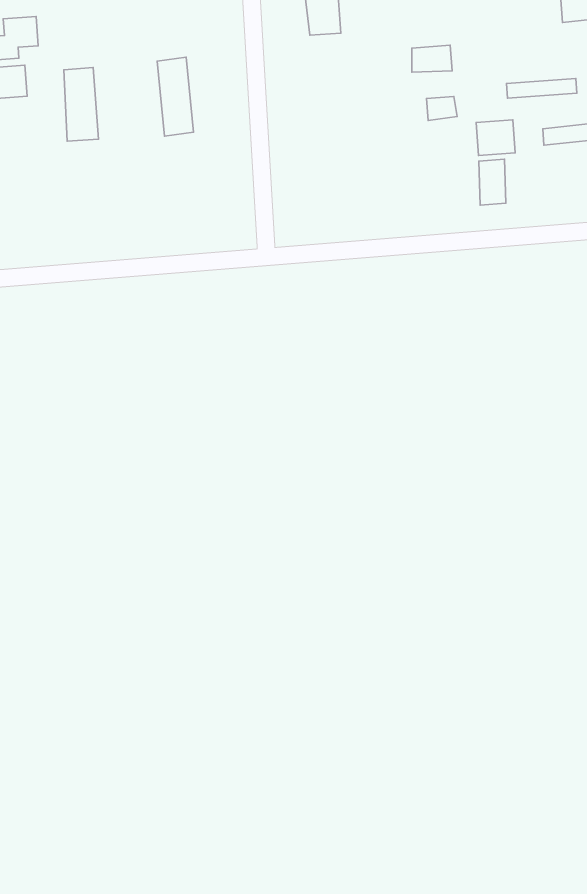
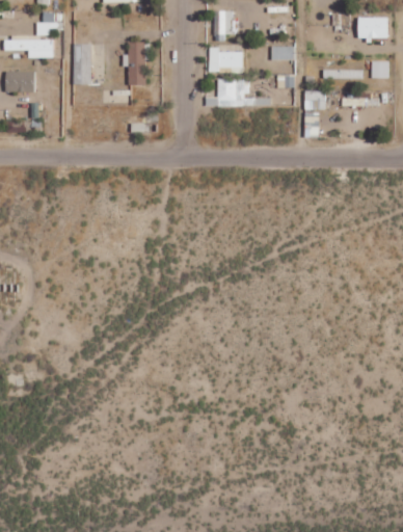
building: none -> [209,47,243,73]
building: none -> [205,79,253,106]

